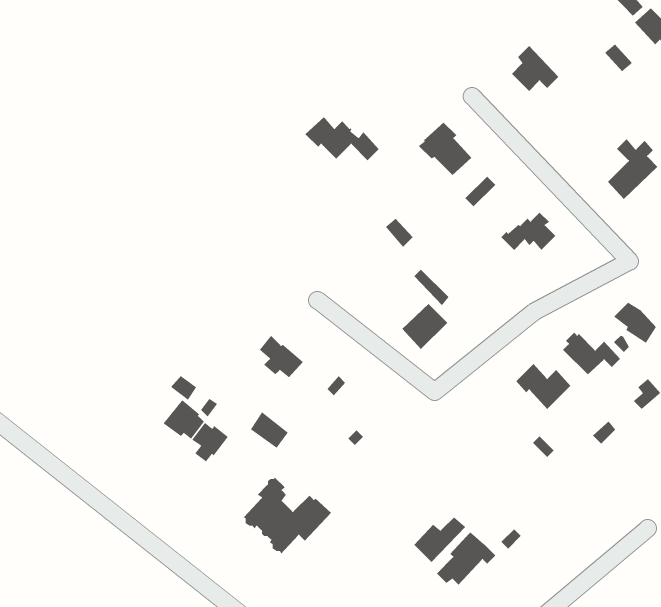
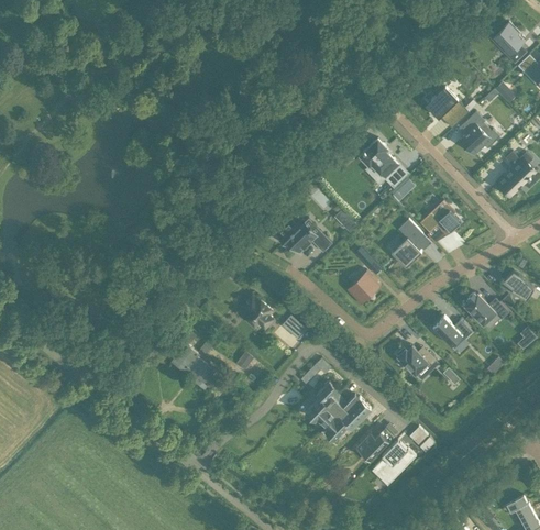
building: none -> [460,111,499,155]
building: [305,116,380,161] -> [276,220,331,253]
building: none -> [390,219,422,267]
building: none -> [396,346,436,375]
building: [243,477,332,555] -> [306,382,371,439]

